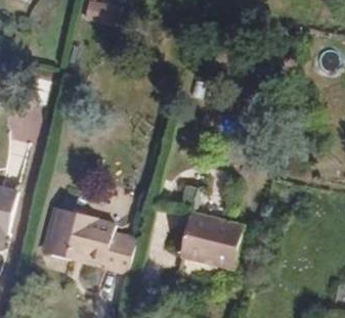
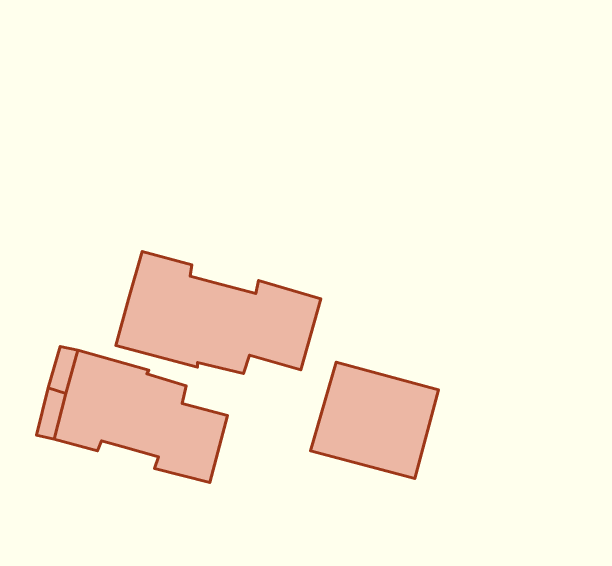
building: none -> [116,251,321,374]

